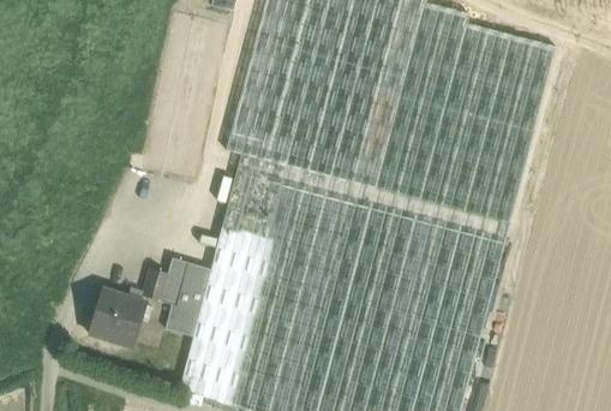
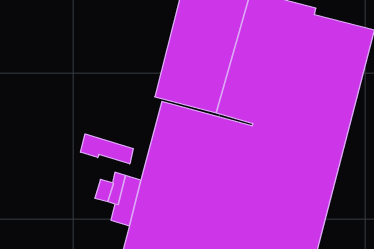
building: none -> [81,134,133,164]
building: [89,287,149,346] -> none

